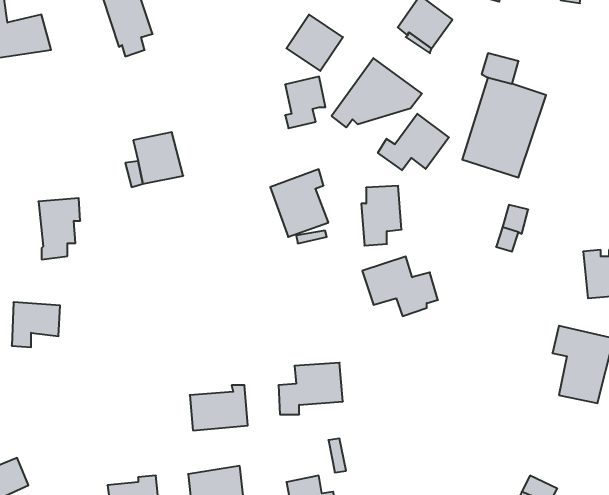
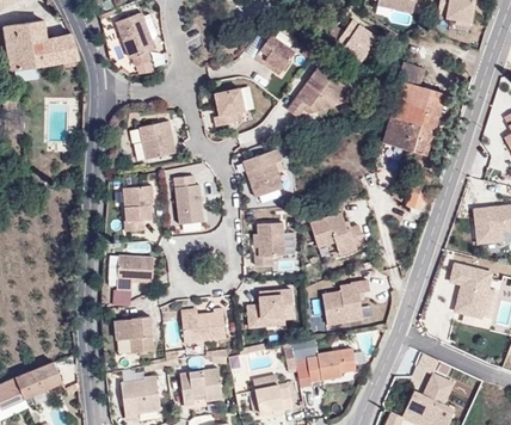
building: [285,77,325,128] -> [215,90,245,128]
building: [378,114,449,170] -> none
building: [361,186,402,246] -> [253,222,283,266]
building: [38,198,80,259] -> [123,184,154,229]
building: none -> [176,177,203,222]
building: [12,302,60,347] -> [117,254,153,288]
building: none -> [320,281,369,325]
building: none -> [117,316,153,355]
building: none -> [307,347,357,382]

